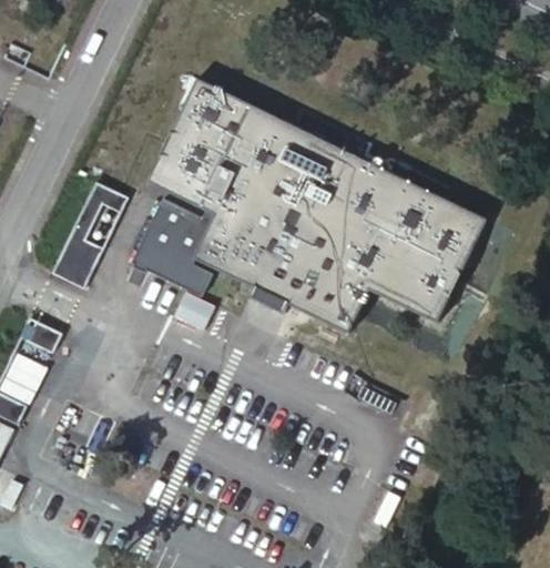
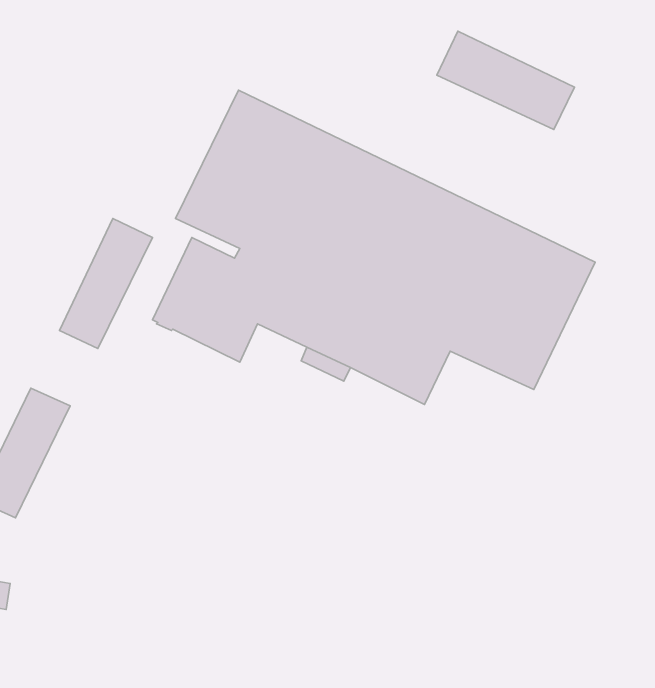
building: none -> [437,31,574,129]

